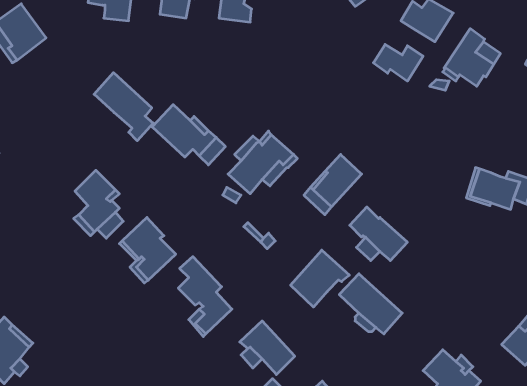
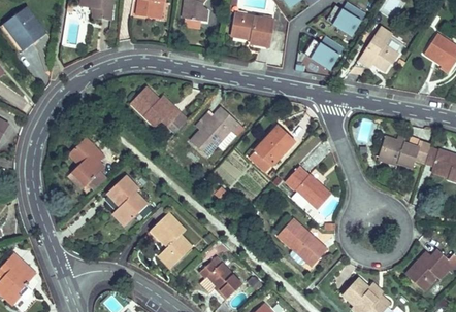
building: none -> [231,12,273,46]
building: [94,73,153,141] -> none
building: [291,250,349,307] -> none

